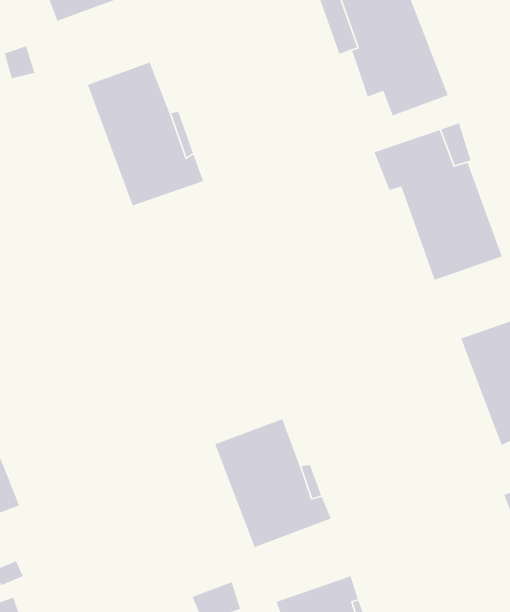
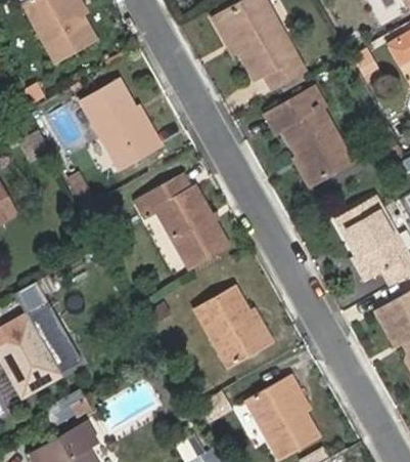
building: none -> [136,176,228,266]

